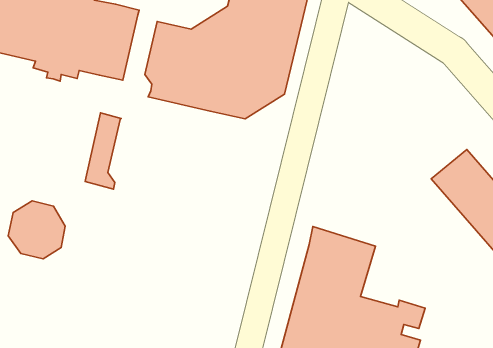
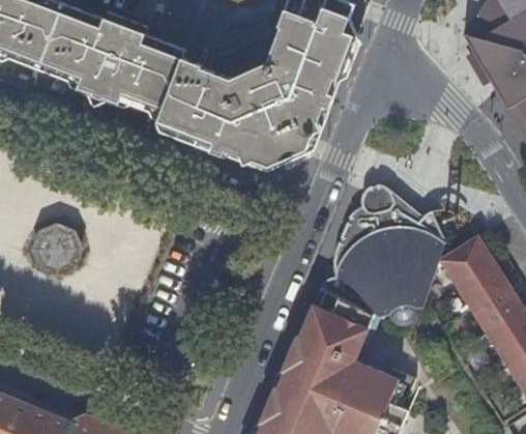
building: [85,113,121,189] -> [158,57,202,132]
building: none -> [319,186,444,323]

